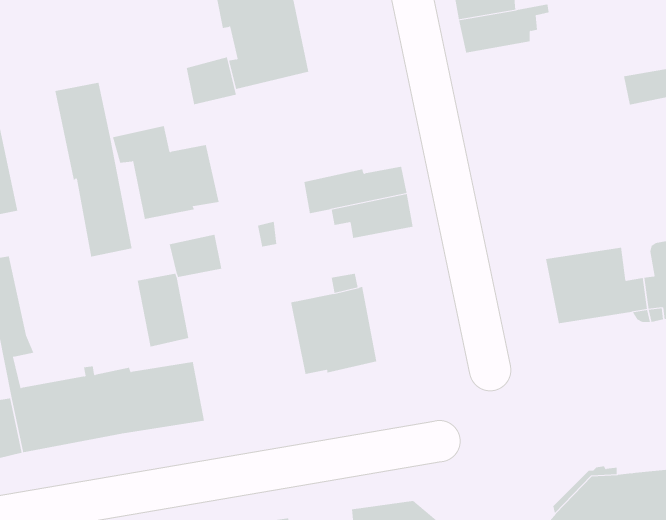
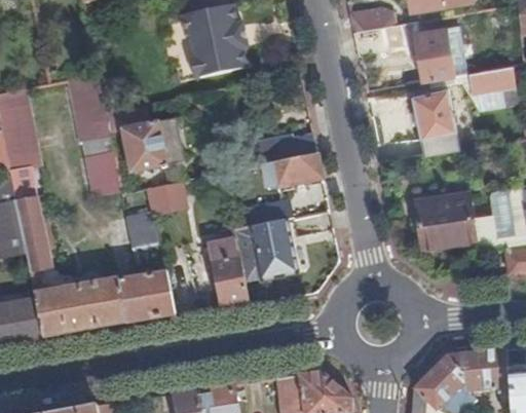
building: none -> [415,24,463,79]
building: [186,57,237,105] -> none
building: none -> [413,87,461,154]
building: none -> [212,232,249,308]

